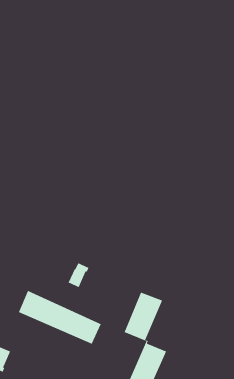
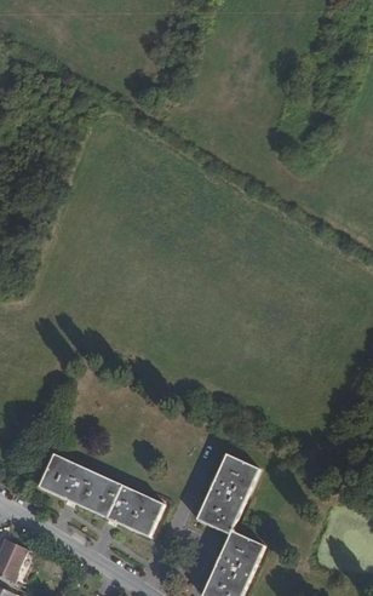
building: [68,262,89,288] -> none

